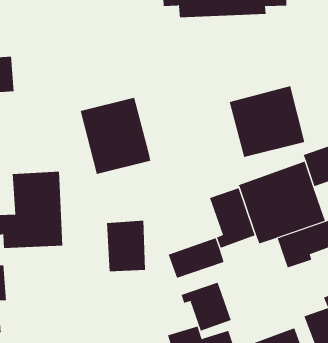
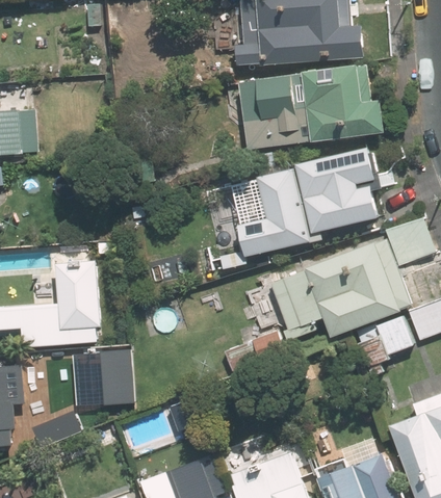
building: none -> [224,65,389,148]
building: [80,97,151,174] -> [229,166,315,260]
building: [106,220,146,272] -> [83,350,131,413]
building: [181,282,232,331] -> none

